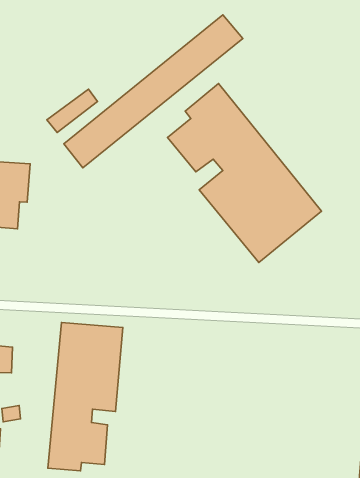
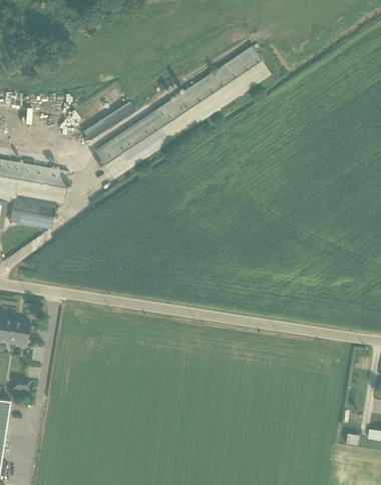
building: [167,84,322,263] -> none
building: [48,322,123,471] -> none

